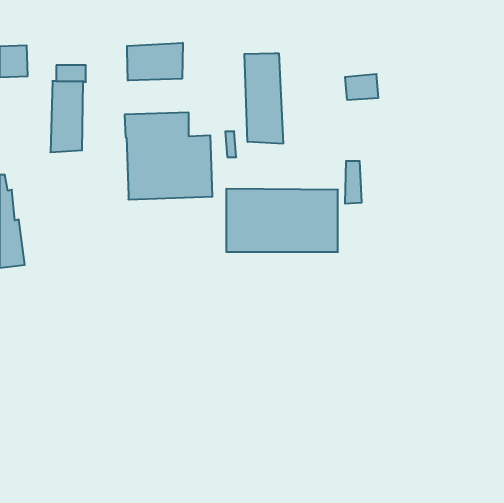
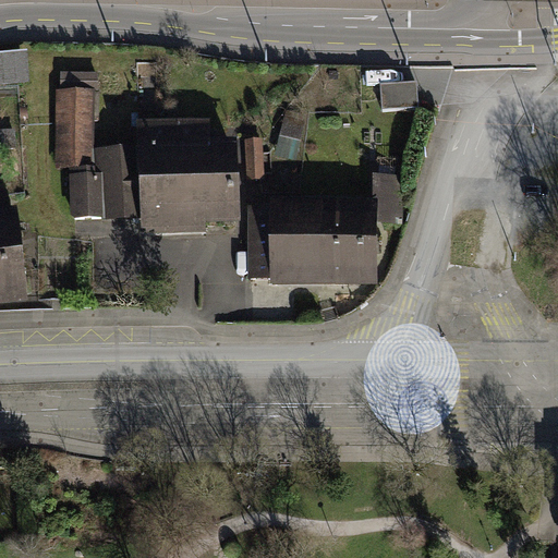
building: [127,43,183,81] -> none
building: [244,53,283,144] -> none
building: none -> [73,151,142,218]

